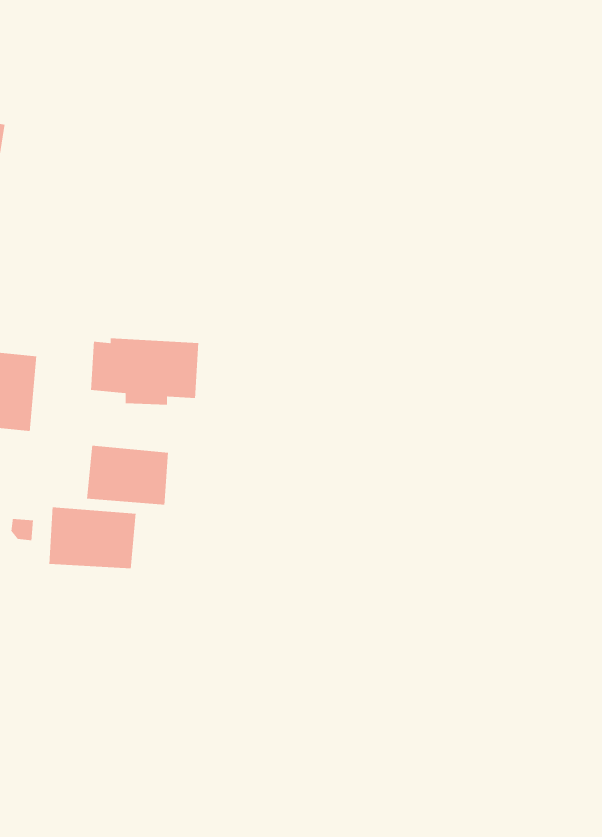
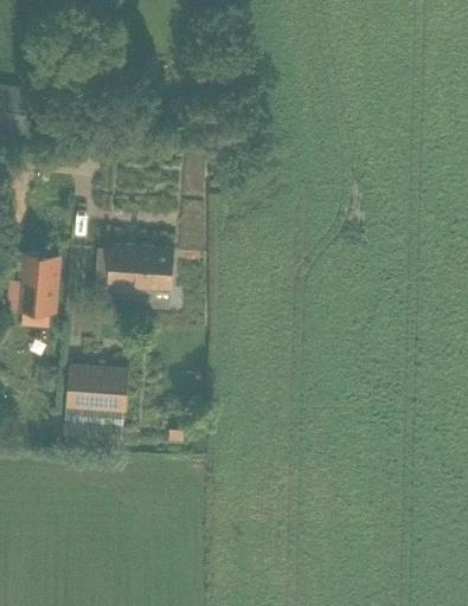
building: [86,445,169,505] -> none

